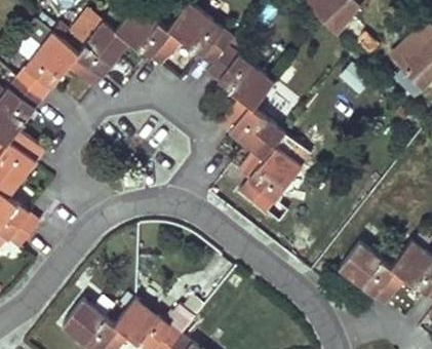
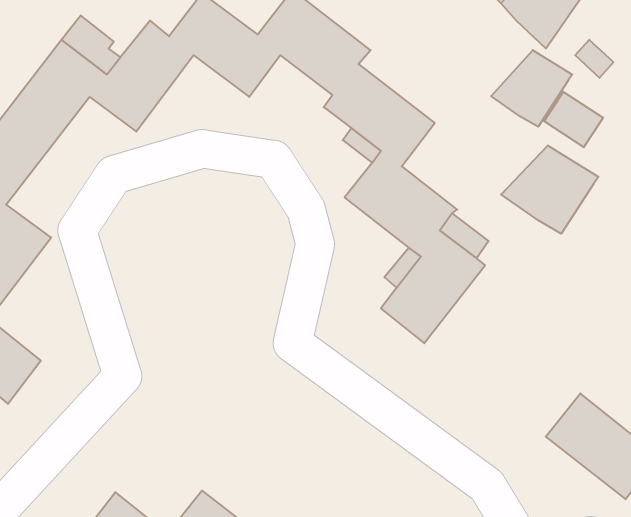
building: none -> [491,50,572,127]
building: none -> [501,145,598,234]

